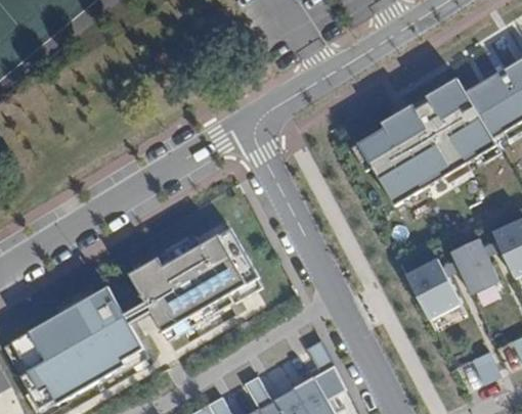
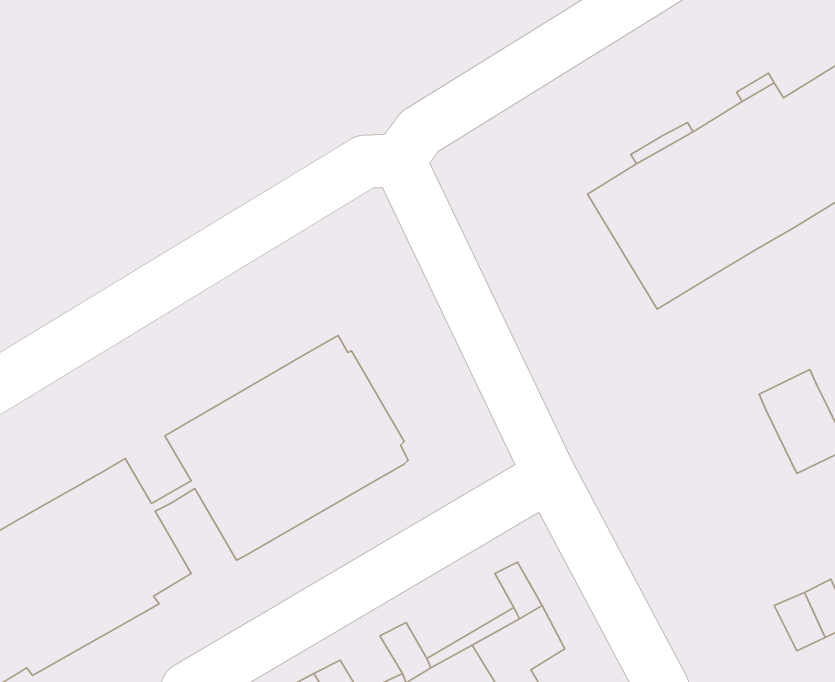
building: [405,258,462,318] -> none

